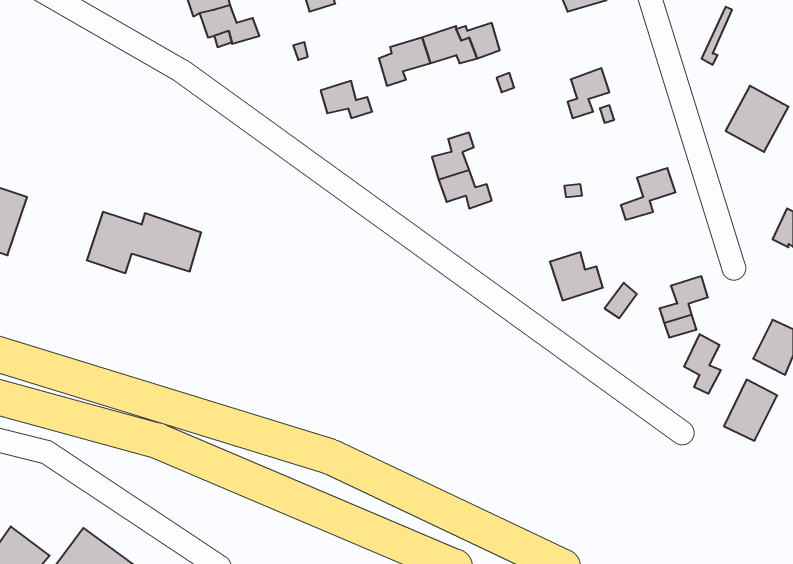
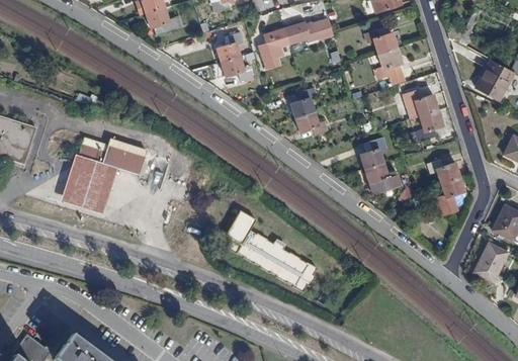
building: none -> [364,29,397,55]
building: none -> [215,32,243,62]
building: none -> [405,92,438,116]
building: none -> [359,138,386,169]
building: none -> [61,155,117,214]
building: none -> [426,160,459,184]
building: none -> [225,211,317,293]
building: [684,334,721,394] -> none

